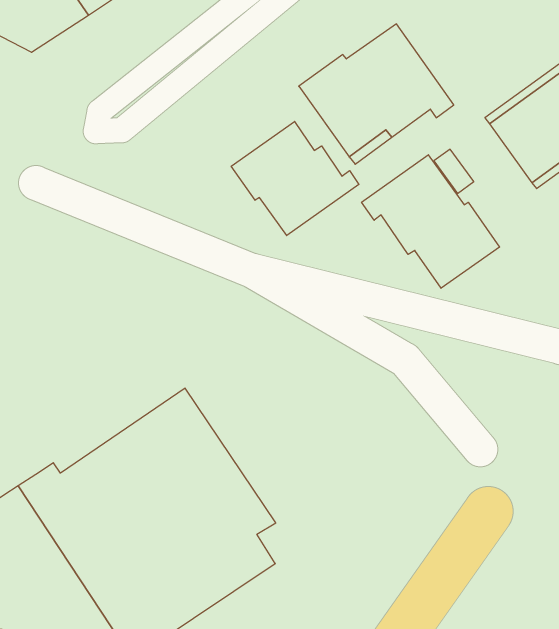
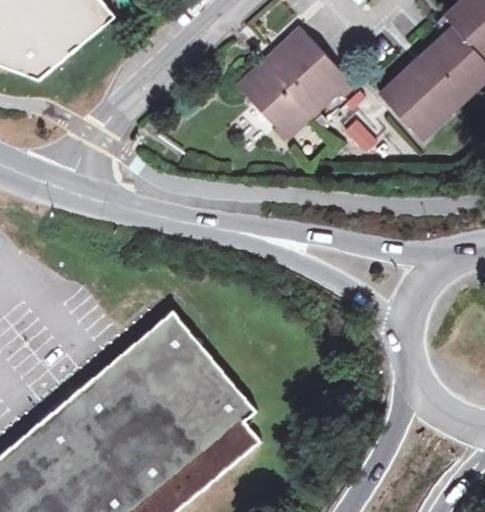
building: [231,121,359,236] -> none
building: [362,155,500,288] -> none

